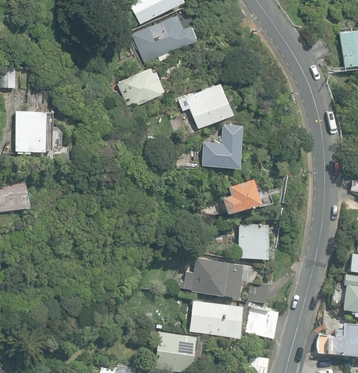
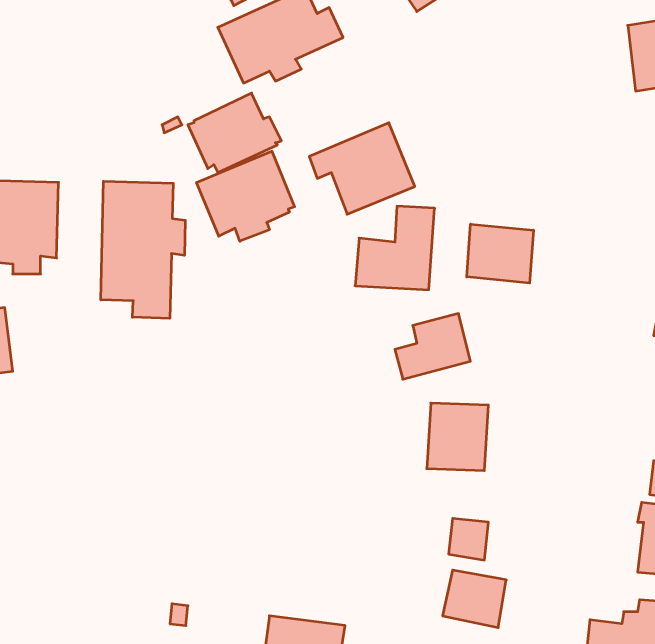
building: none -> [197,151,295,241]
building: none -> [101,181,185,318]
building: none -> [467,224,533,283]
building: [180,257,242,297] -> none
building: [190,300,241,336] -> none

